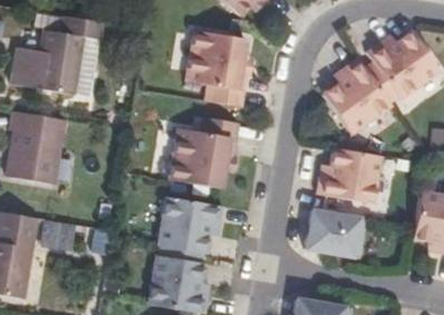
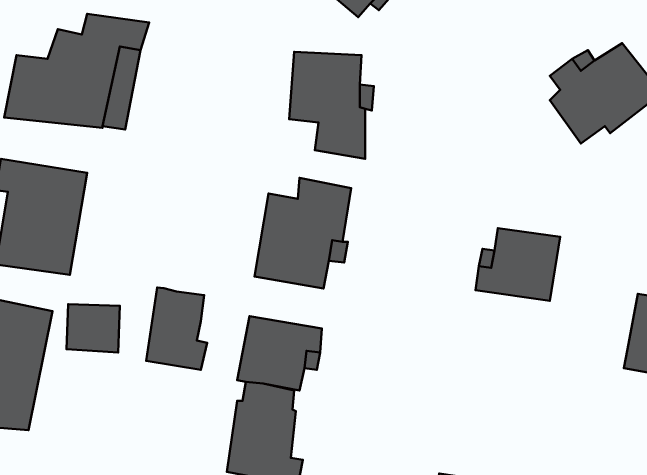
building: [316,69,384,134] -> none
building: none -> [146,287,207,370]
building: [304,216,356,263] -> none

